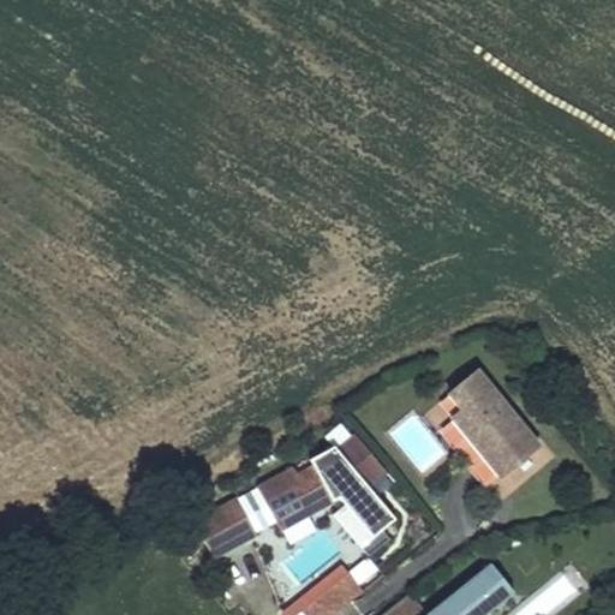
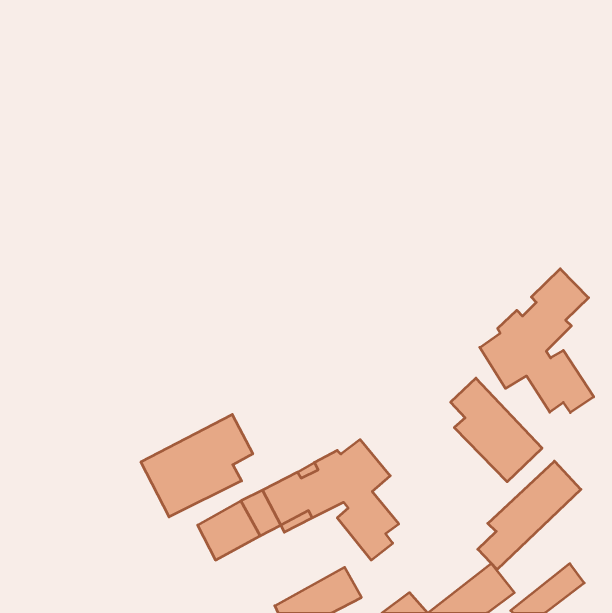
building: none -> [480,269,594,413]
building: none -> [141,414,253,517]
building: none -> [478,461,581,569]

